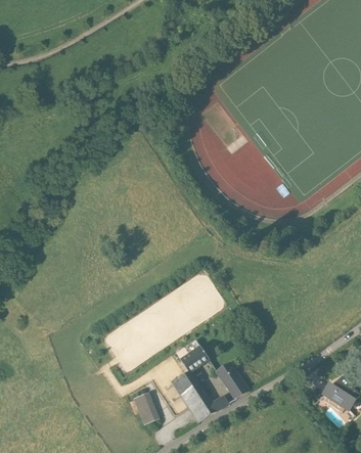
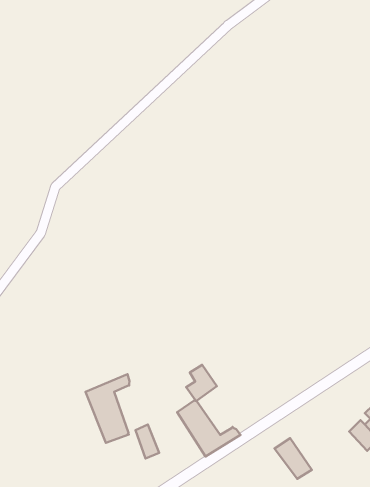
building: none -> [85,374,130,443]
building: [215,361,249,398] -> [275,438,312,479]

